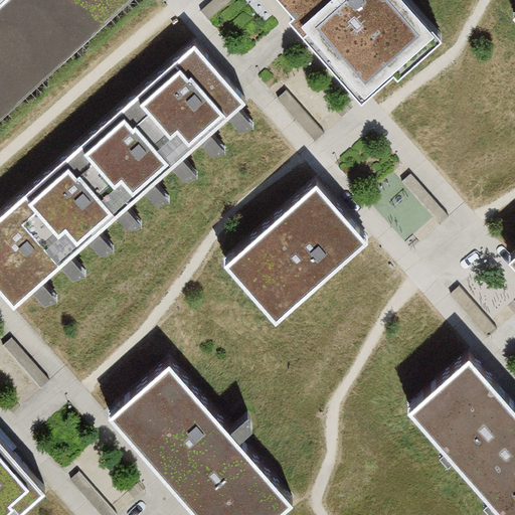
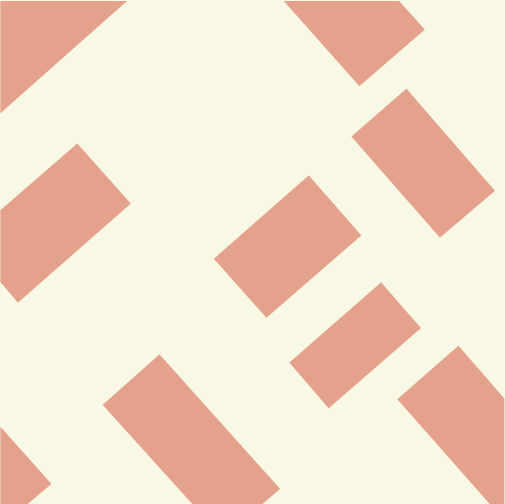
building: [78,41,254,209] -> none
building: none -> [350,88,496,239]
building: none -> [288,281,422,410]

